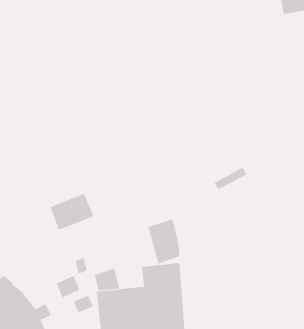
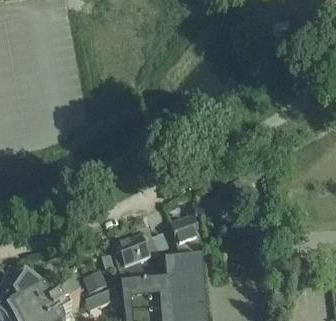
building: [50,193,94,230] -> [115,229,157,264]

